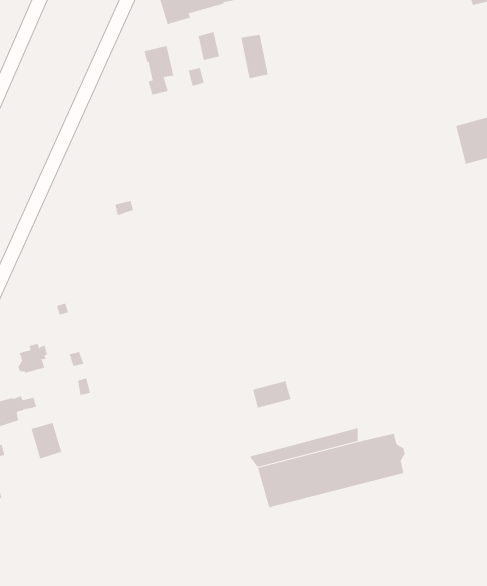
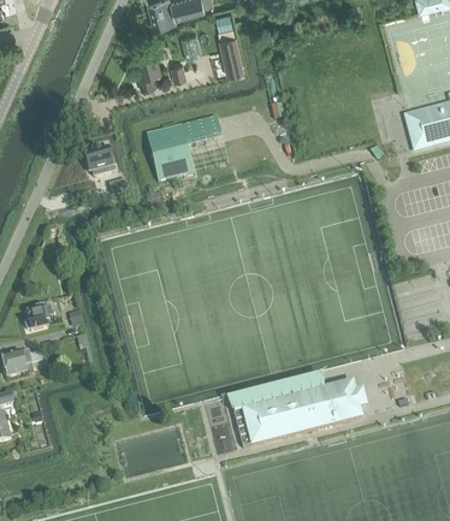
building: none -> [147,117,221,180]
building: none -> [83,144,114,176]
building: [253,380,292,408] -> none
building: [31,422,62,459] -> none

